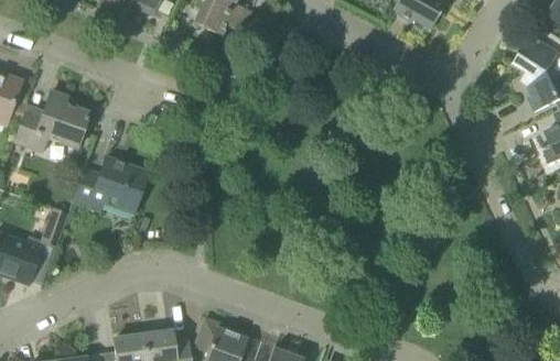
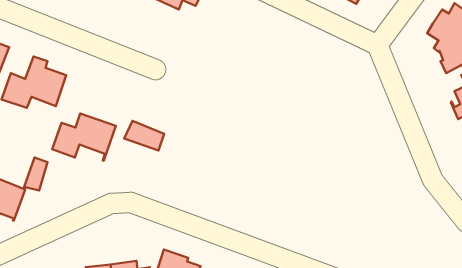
building: none -> [124,121,164,151]

